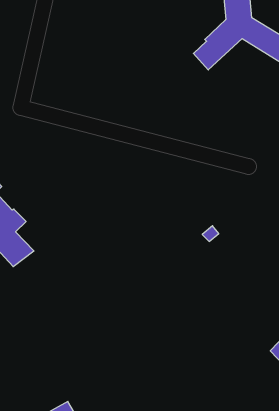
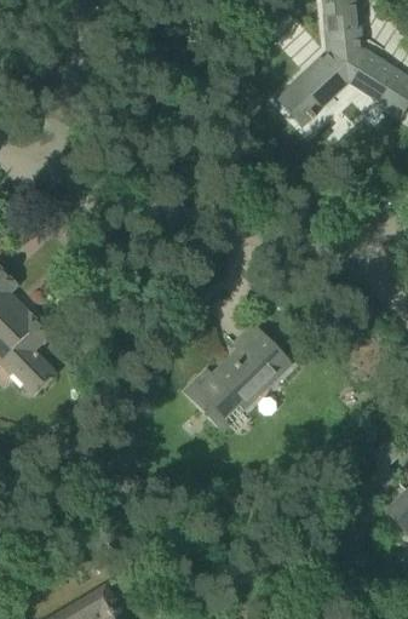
building: none -> [186,325,289,422]

